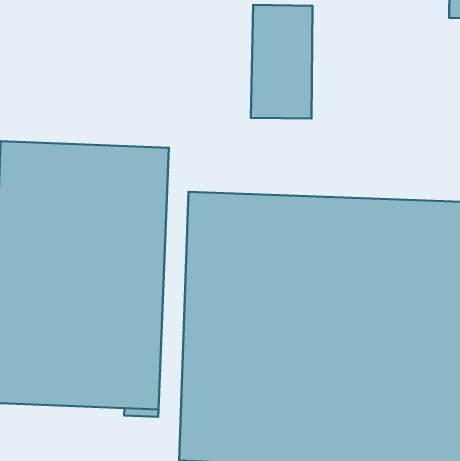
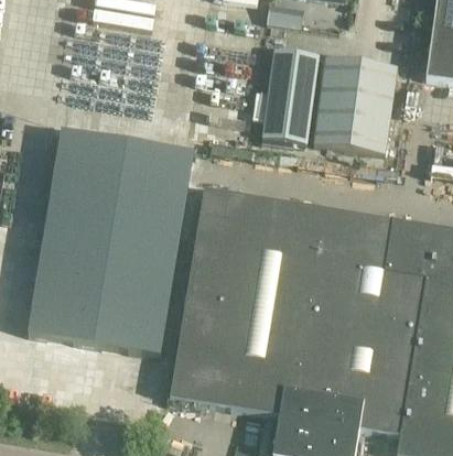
building: none -> [314,55,397,152]

